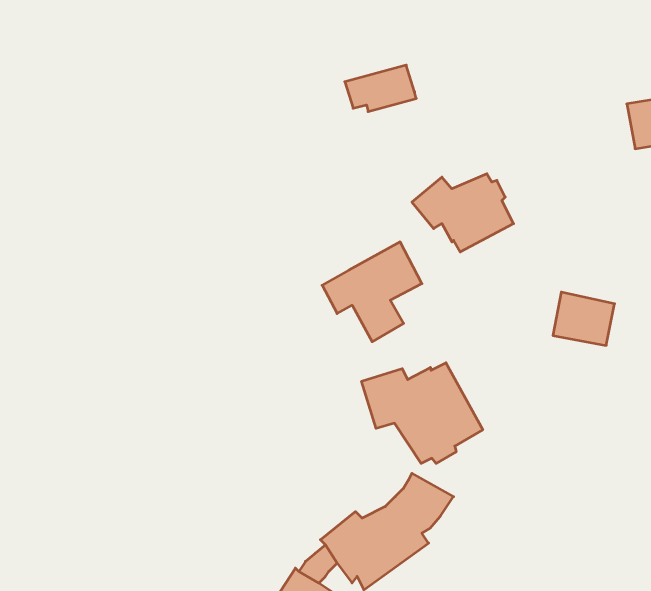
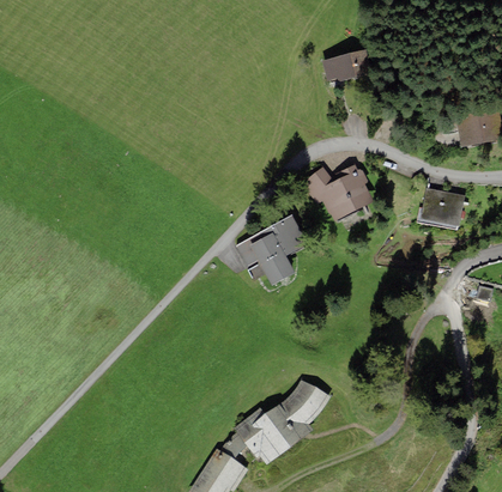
building: [345,65,416,112] -> [321,48,373,81]
building: [553,292,615,345] -> [421,187,465,225]
building: [362,363,483,463] -> none

